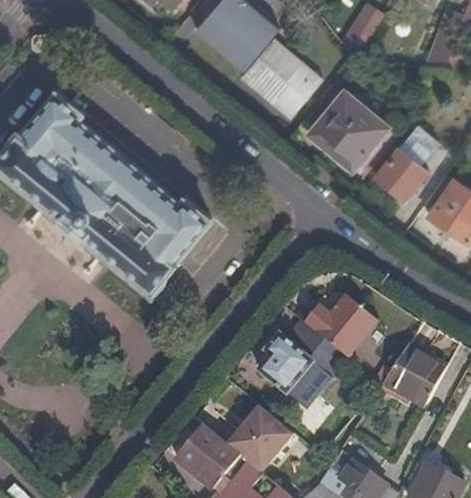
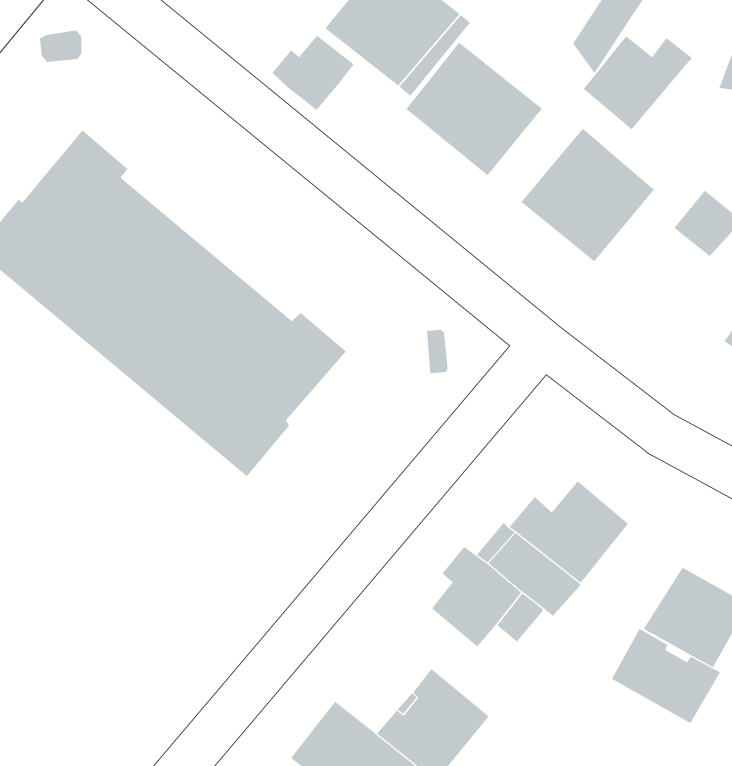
building: none -> [272,35,355,111]
building: none -> [583,35,693,130]
building: [377,150,428,200] -> none
building: none -> [611,628,721,724]

